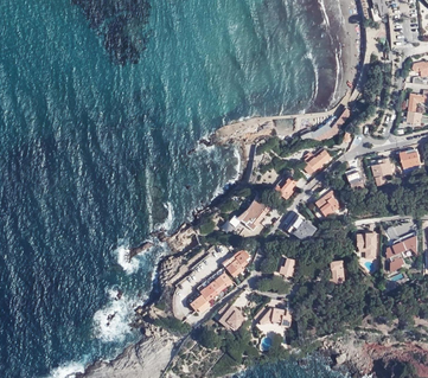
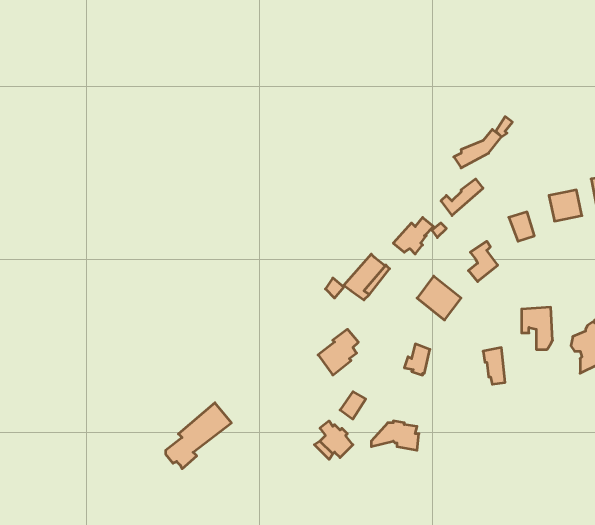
building: [187,269,230,312] -> [166,403,231,469]

